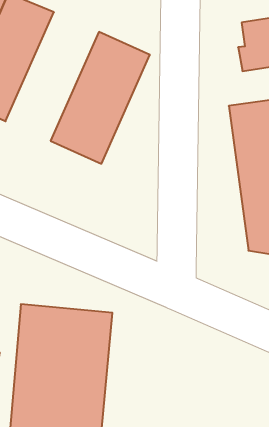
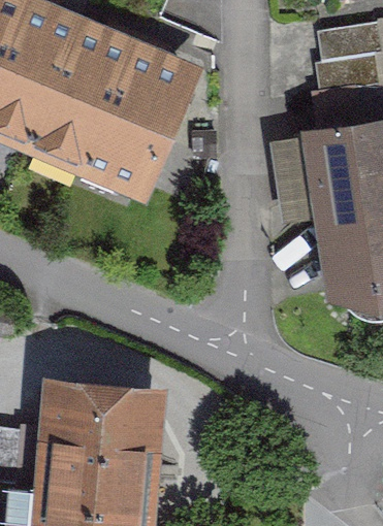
building: none -> [29,19,142,174]

